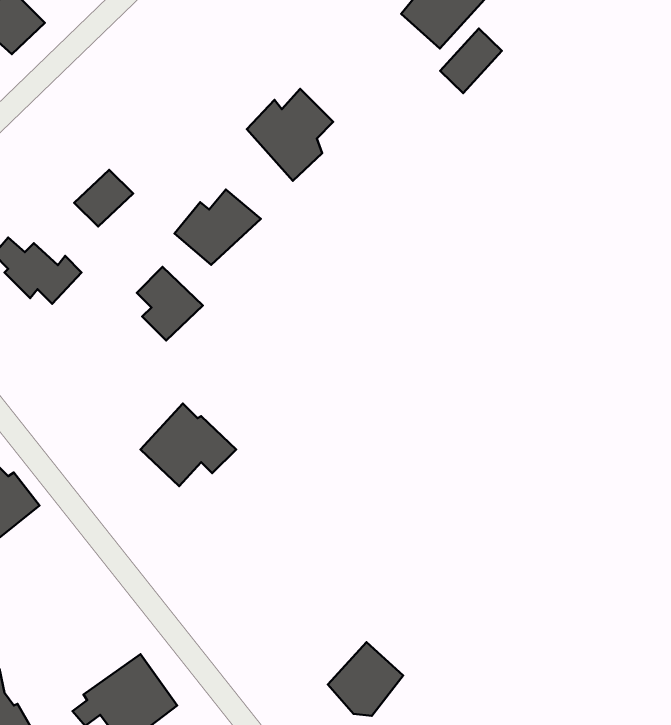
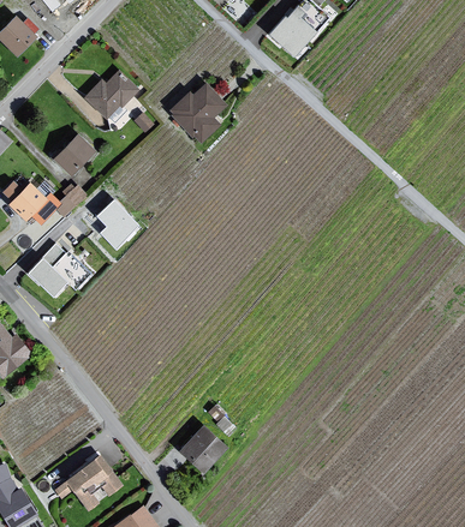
building: [440,28,502,93] -> none
building: [174,189,261,265] -> [84,70,141,119]
building: [141,403,236,486] -> [29,242,91,297]
building: [328,642,403,716] -> [178,423,227,471]

